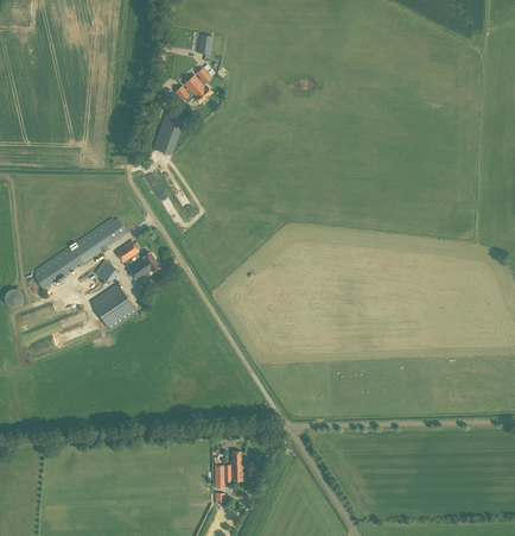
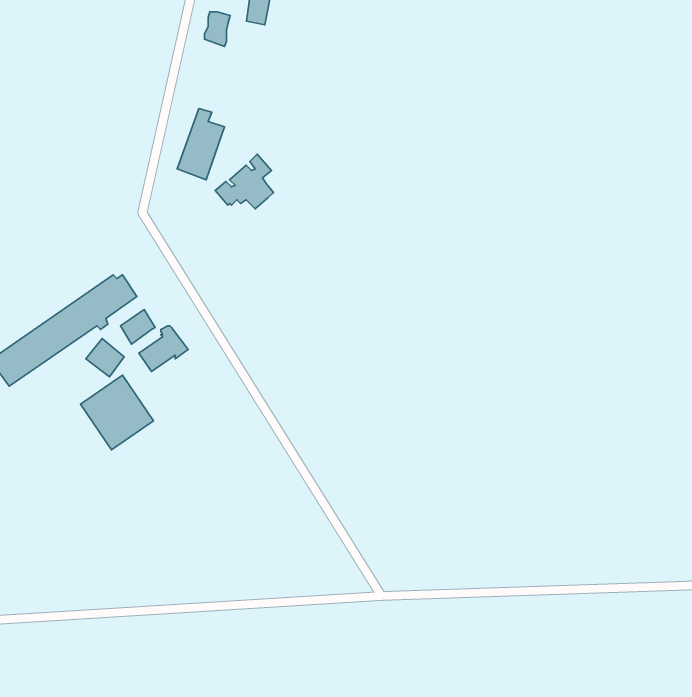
building: [173,68,211,103] -> [215,154,273,209]
building: [212,450,242,487] -> none

